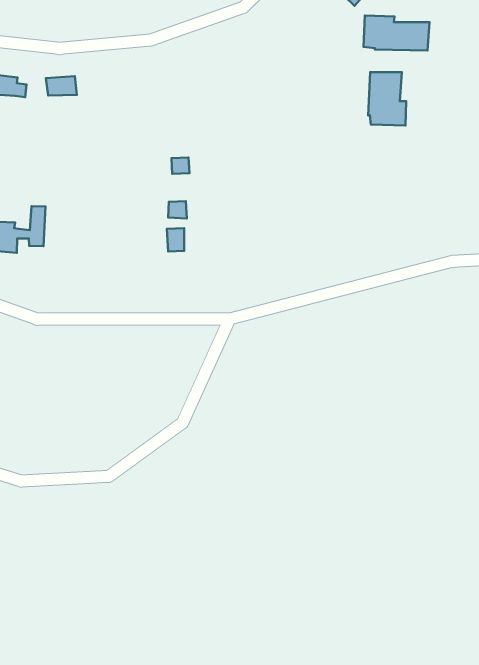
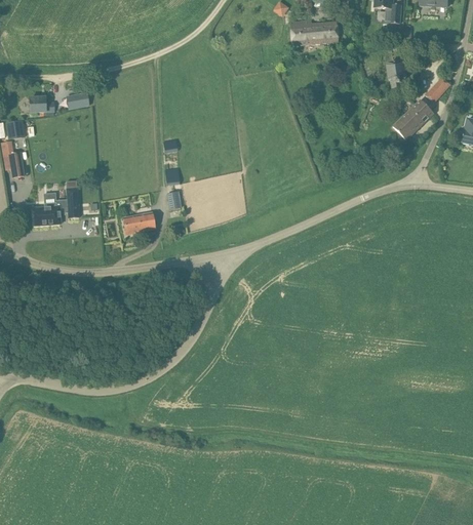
building: [368,72,406,126] -> none
building: none -> [123,212,155,234]

